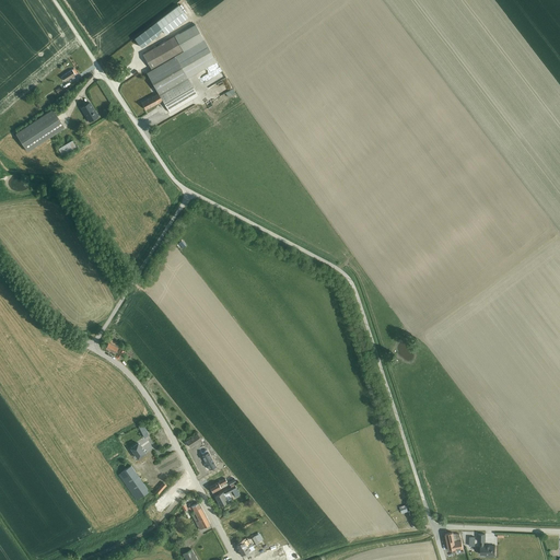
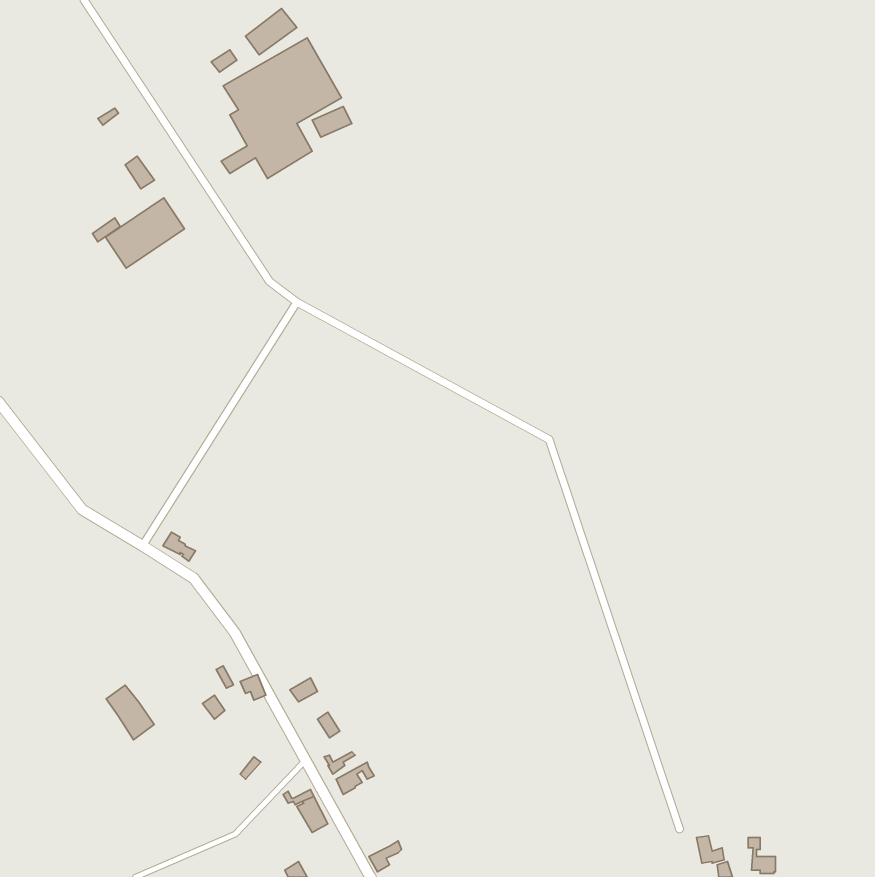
building: [15,106,66,151] -> [106,198,185,268]
building: [117,466,148,501] -> [106,685,154,740]

